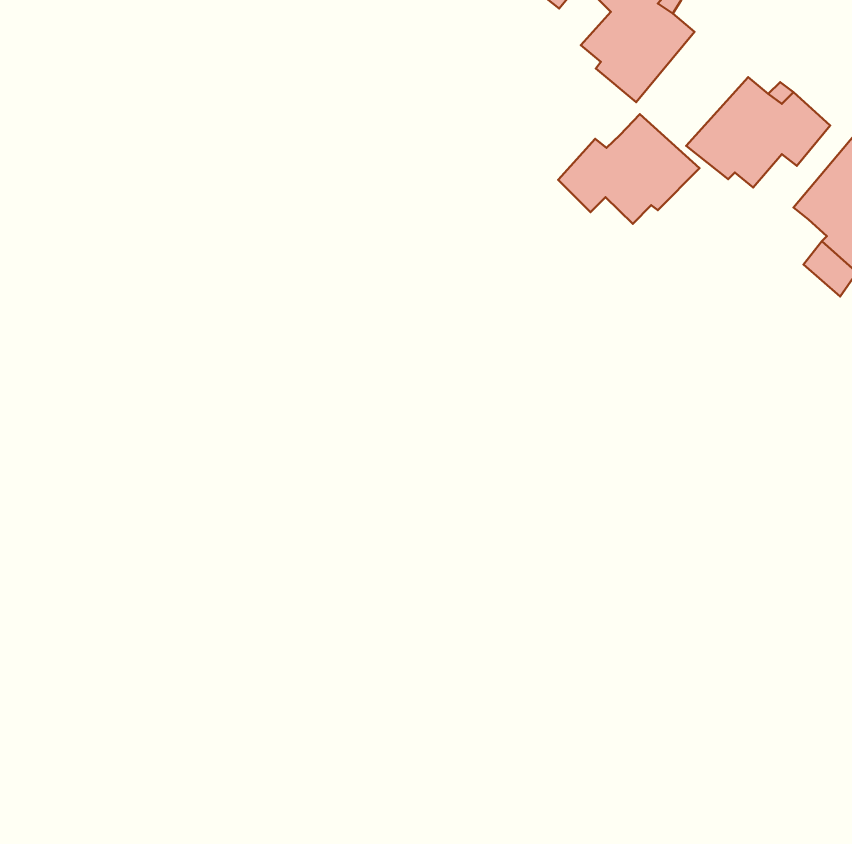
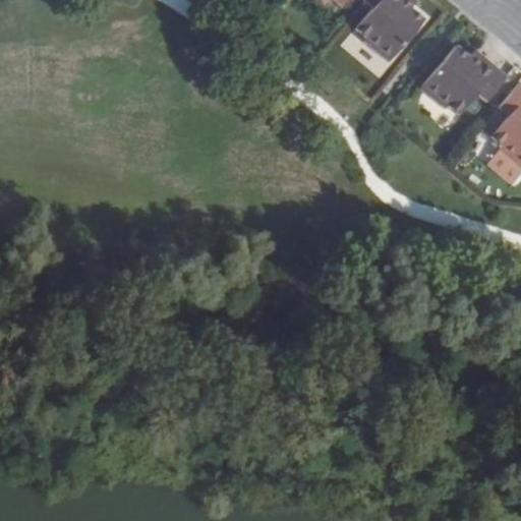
building: [558,114,699,224] -> none

